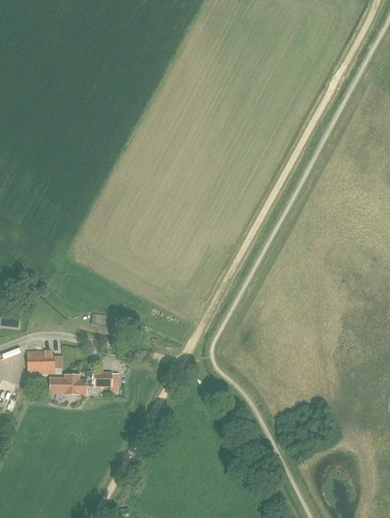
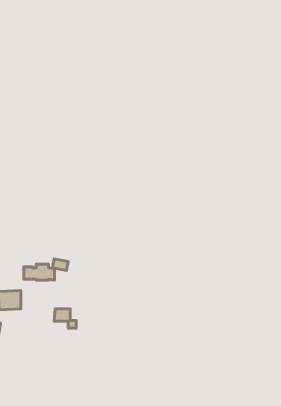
building: [51,375,87,394] -> [24,264,55,280]

